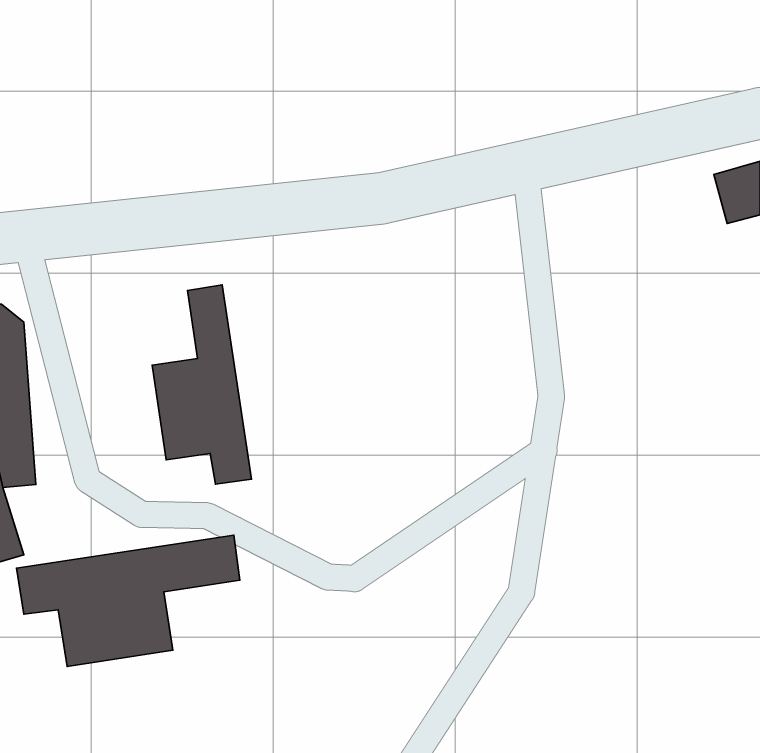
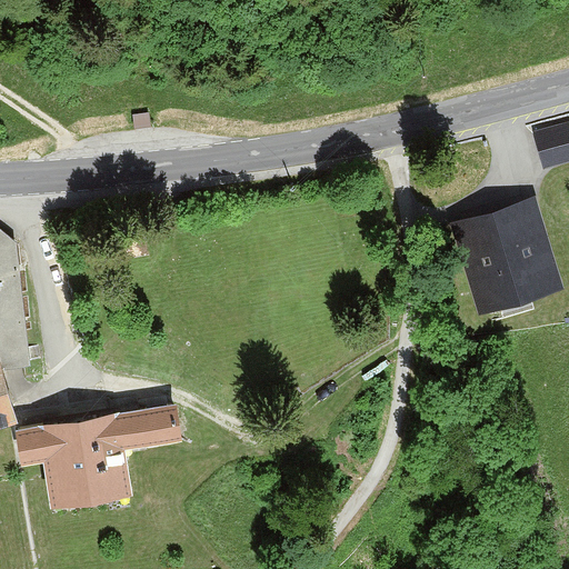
building: none -> [449,200,562,317]
building: [152,285,251,484] -> none

